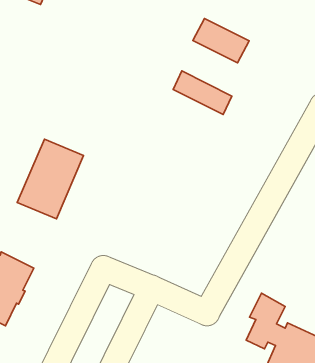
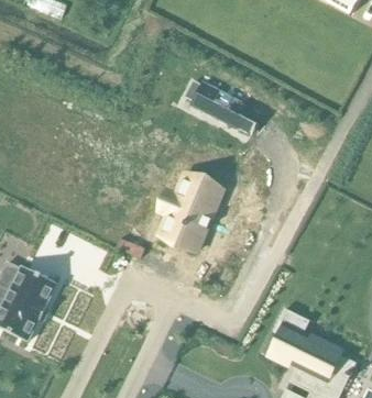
building: [193,19,249,63] -> none
building: [17,139,84,219] -> [157,172,225,252]

